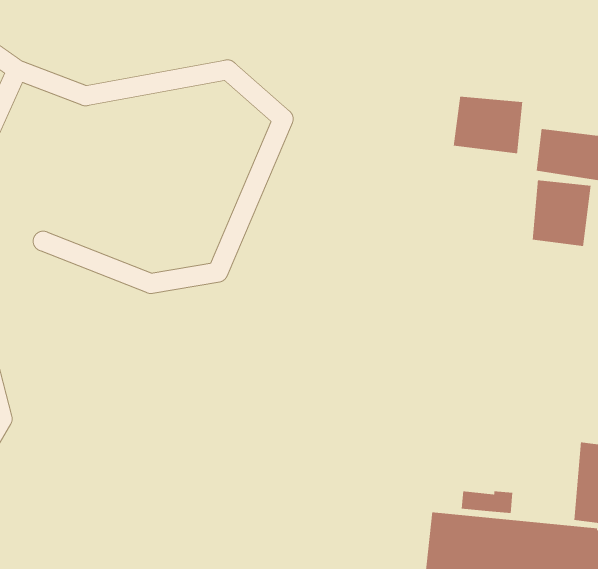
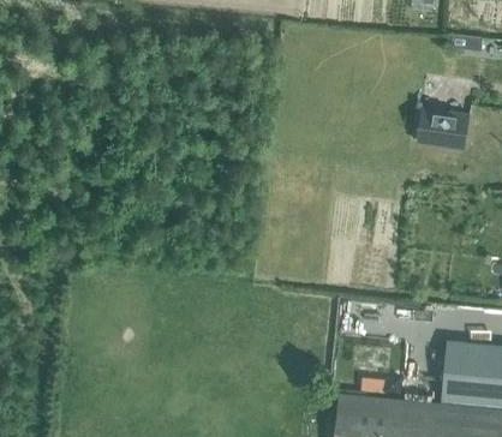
building: [453,96,523,154] -> none
building: [532,179,591,247] -> none

